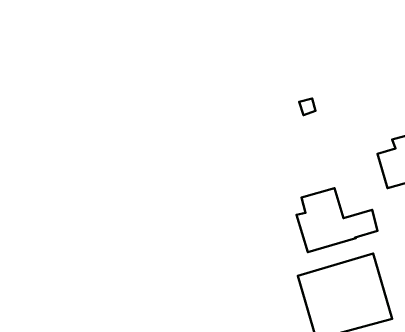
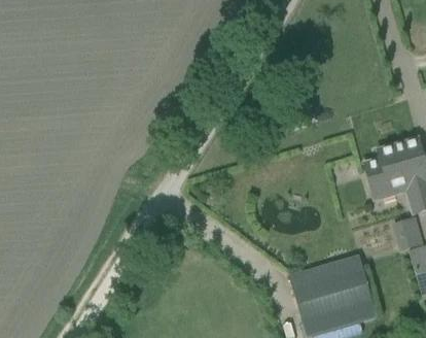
building: [297,188,378,252] -> none

